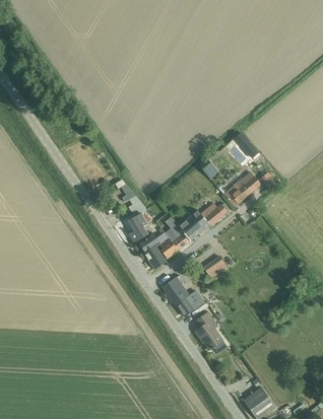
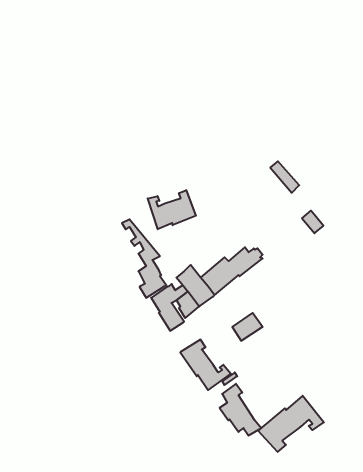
building: none -> [148,190,196,229]
building: [227,171,259,202] -> none
building: none -> [258,396,324,452]

